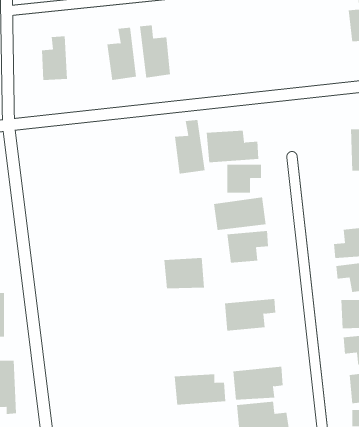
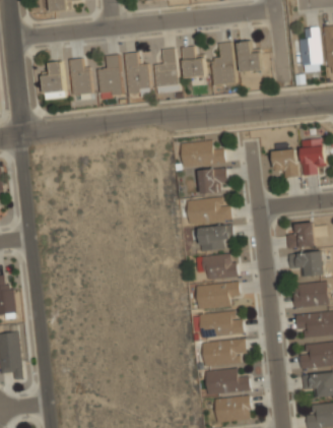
building: none -> [238,41,262,72]
building: none -> [210,42,236,85]
building: none -> [182,46,206,78]
building: none -> [70,58,90,100]
building: [174,120,206,174] -> [153,48,180,94]
building: none -> [272,148,297,177]
building: [164,257,205,289] -> [202,253,237,280]
building: [174,374,226,405] -> [199,311,243,338]

